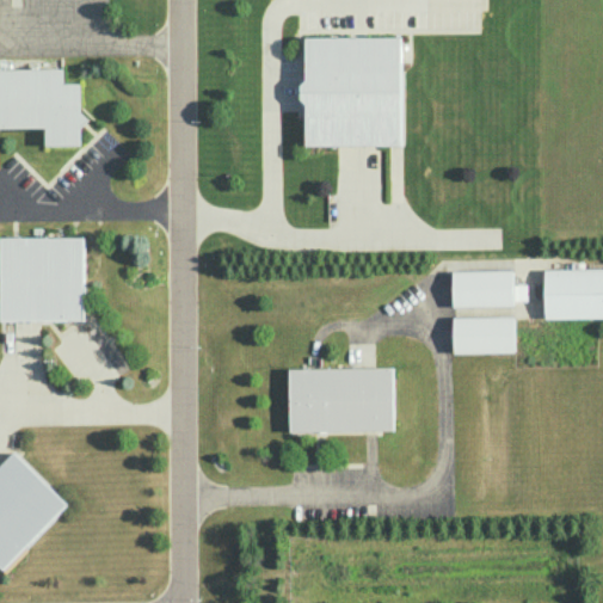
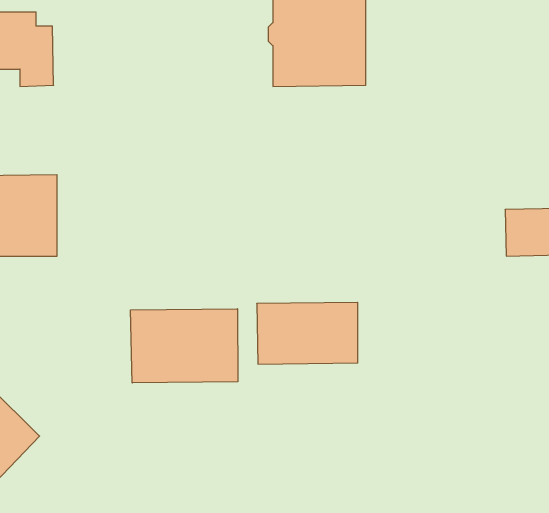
building: [451,273,513,310] -> none
building: [453,320,513,352] -> none
building: none -> [131,309,238,383]

